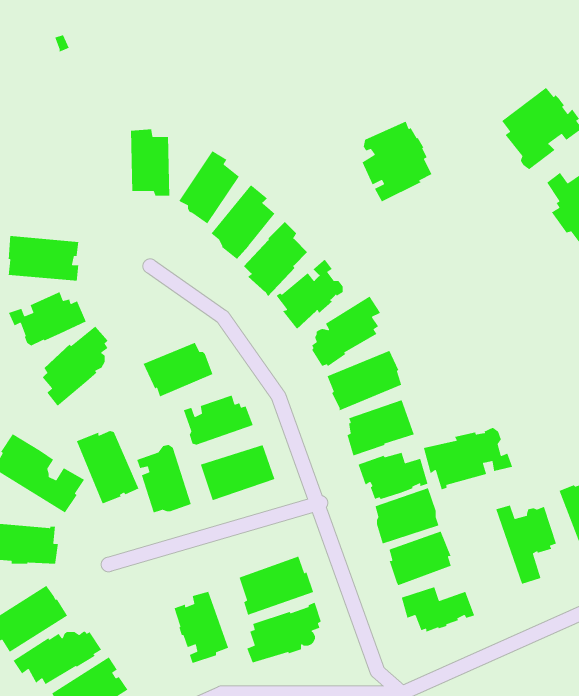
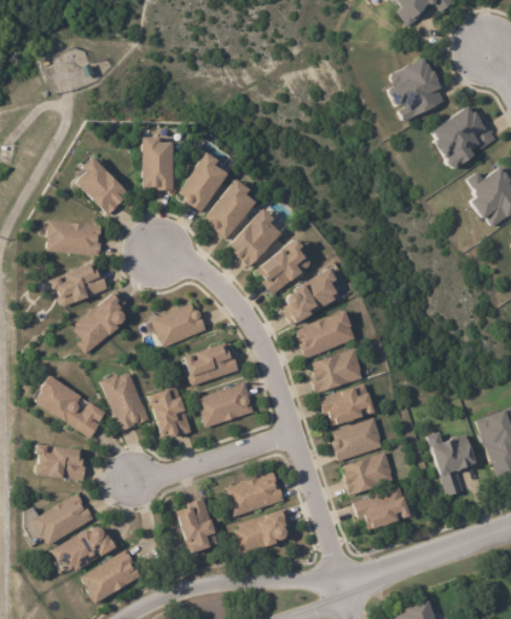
building: [361,121,433,202] -> [389,58,445,122]
building: none -> [75,157,126,215]
building: [423,427,513,490] -> none

